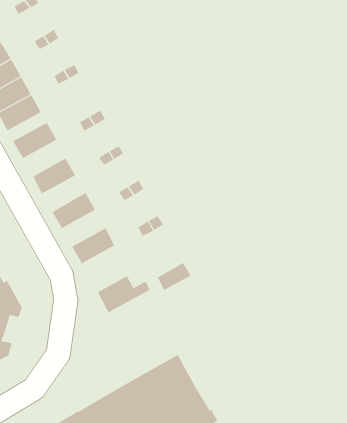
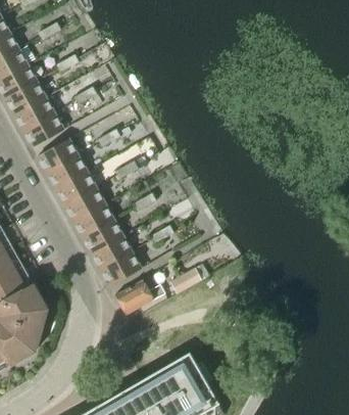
building: none -> [47,154,87,188]
building: none -> [64,187,105,221]
building: none -> [83,219,123,252]
building: none -> [101,251,141,285]

